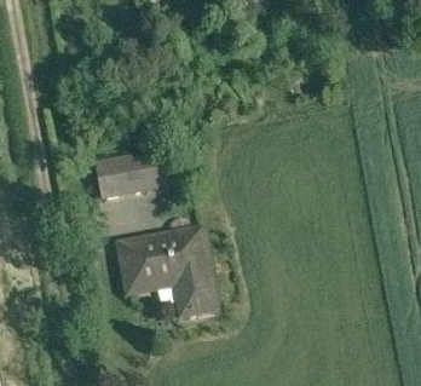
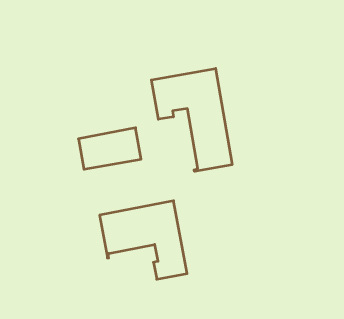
building: none -> [151,68,232,171]

